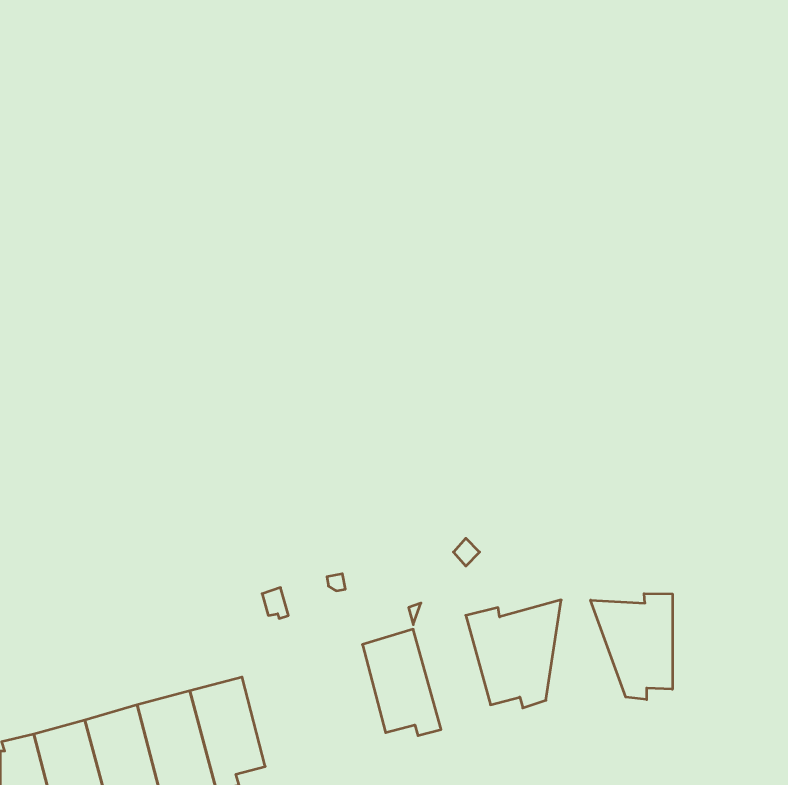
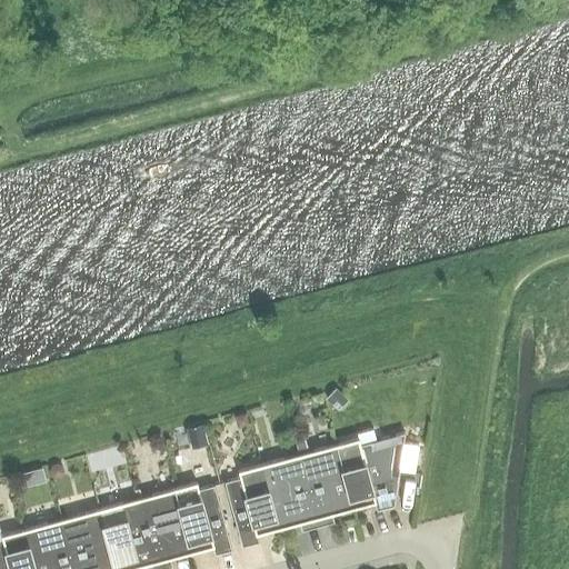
building: [591,594,672,700] -> none
building: none -> [298,446,353,528]
building: none -> [224,467,278,548]
building: none -> [174,485,232,556]

